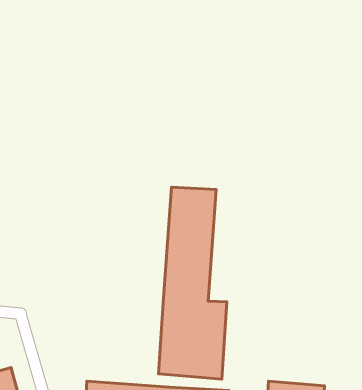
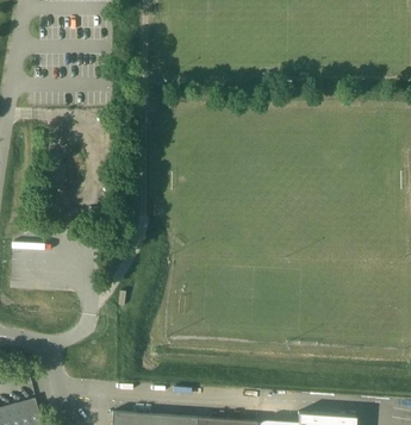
building: [159,187,227,379] -> none

